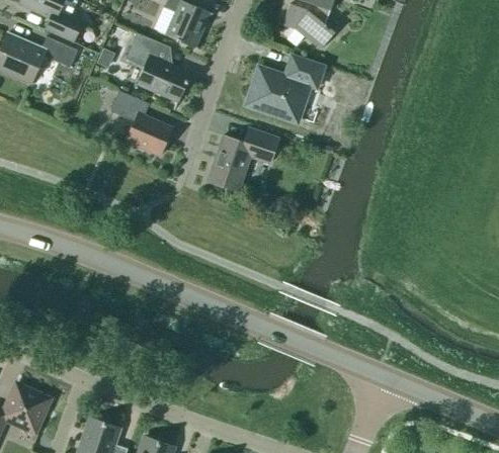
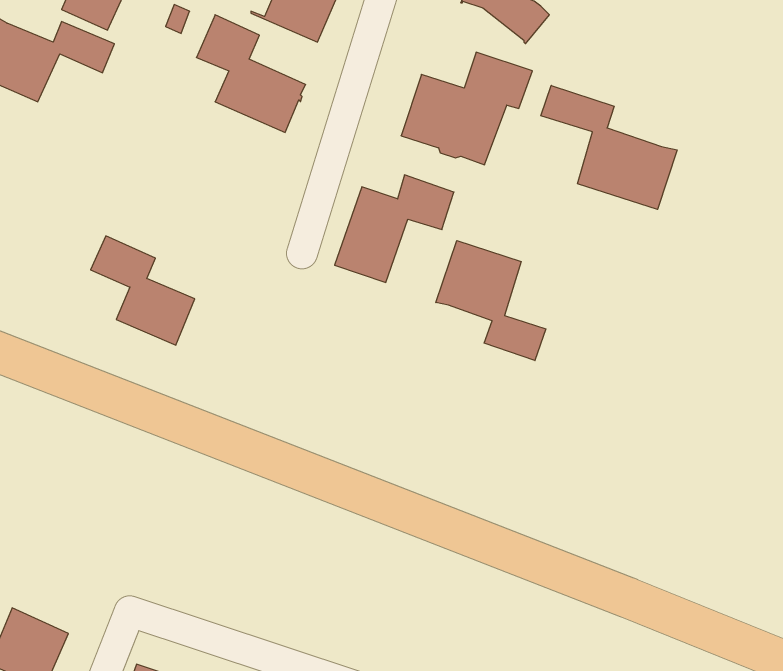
building: none -> [541,85,677,209]
building: [110,91,172,156] -> [91,236,195,345]
building: none -> [436,241,546,361]

